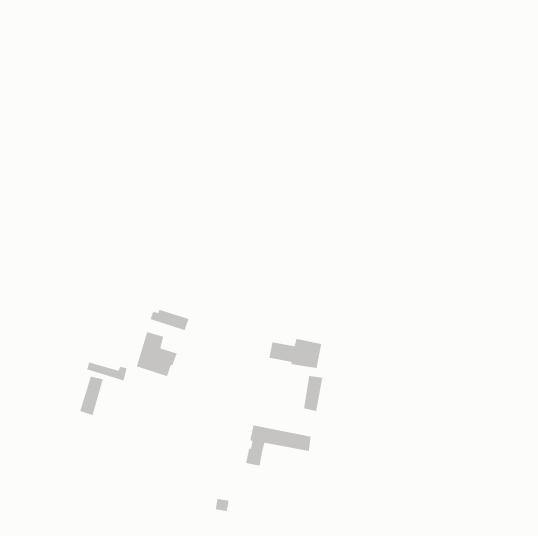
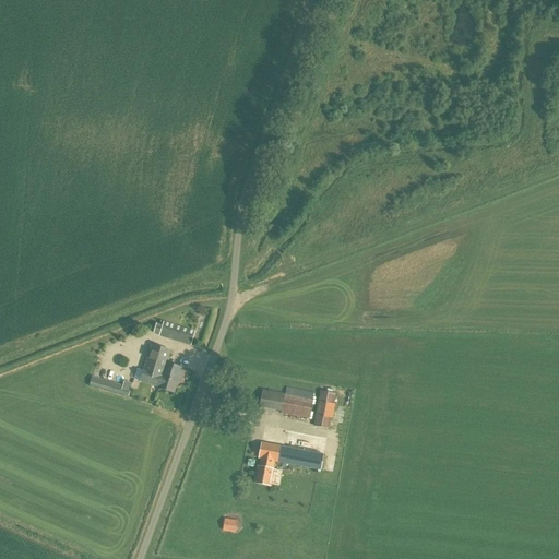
building: [269,338,322,369] -> [259,385,314,417]
building: [79,376,104,416] -> none

